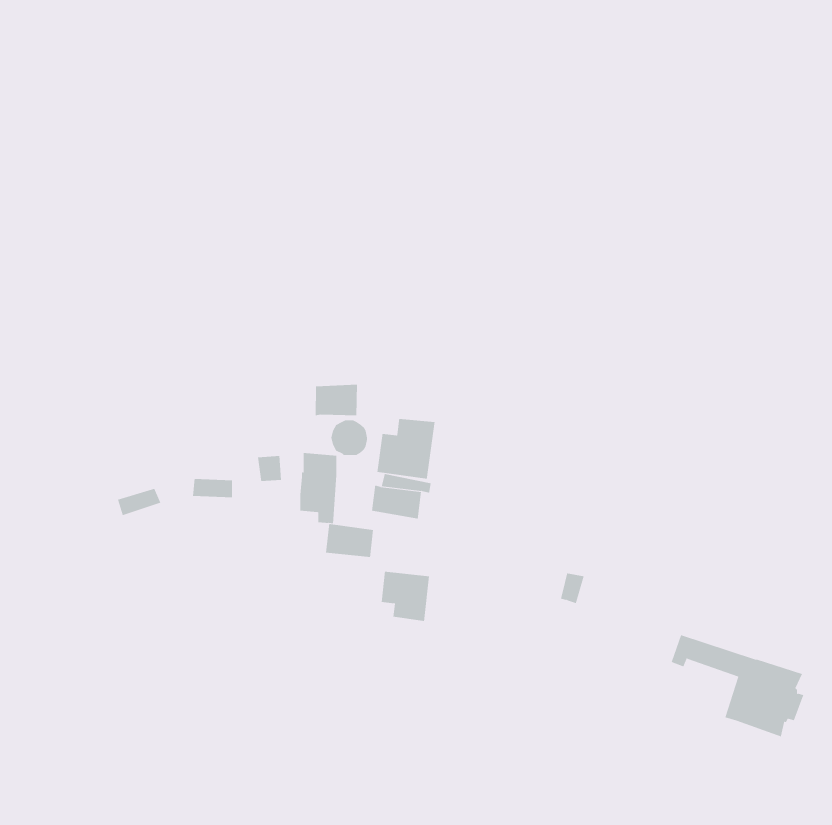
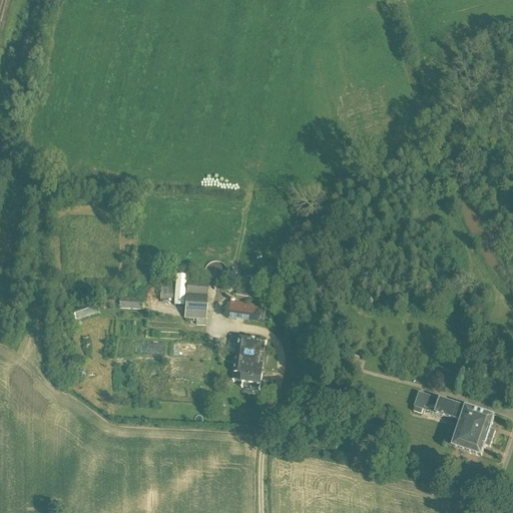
building: [315,384,357,416] -> none
building: [377,418,435,479] -> none
building: [325,523,374,558] -> [236,334,267,355]

